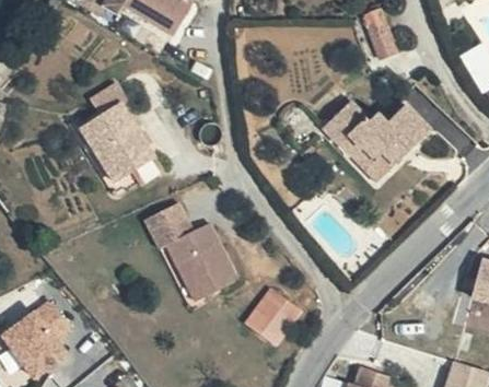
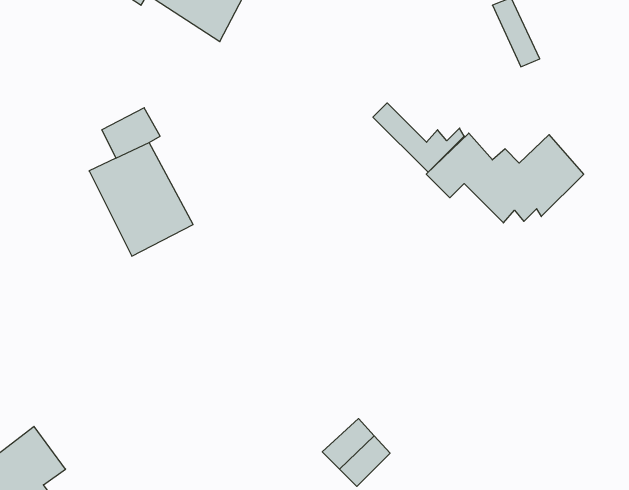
building: [334,134,397,183] -> [373,103,464,172]
building: [147,204,238,306] -> none

